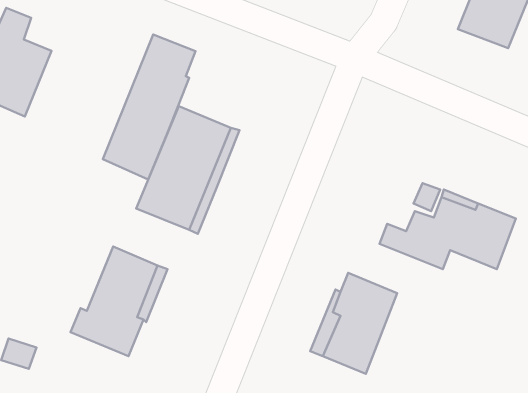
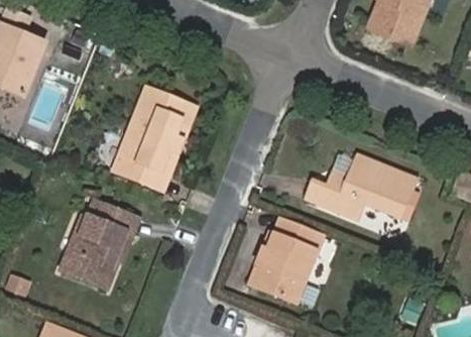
building: [103,35,196,180] -> none

